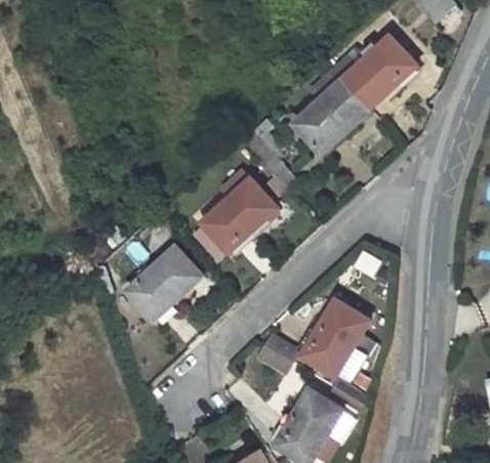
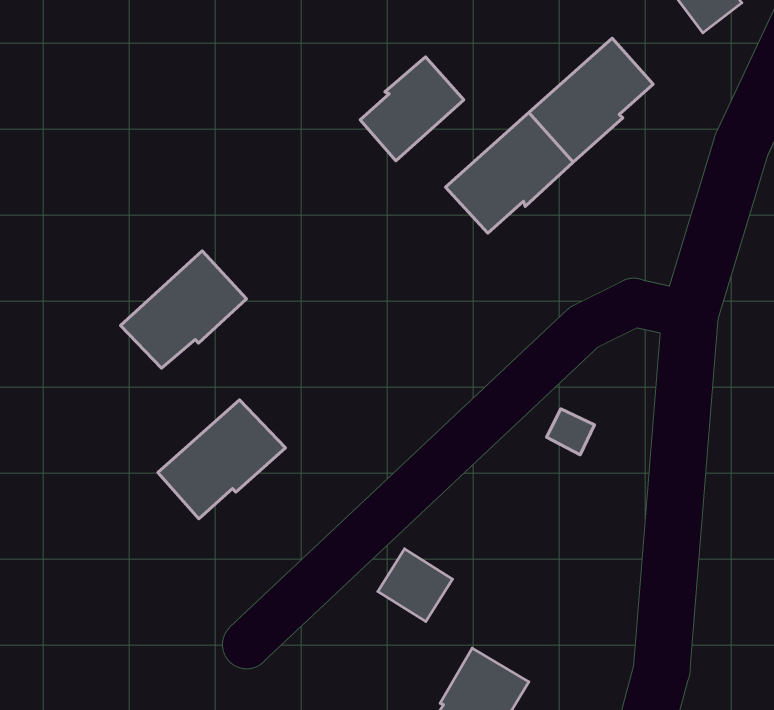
building: none -> [360,57,464,161]
building: [203,178,276,246] -> [121,251,247,368]
building: [303,298,368,373] -> none

